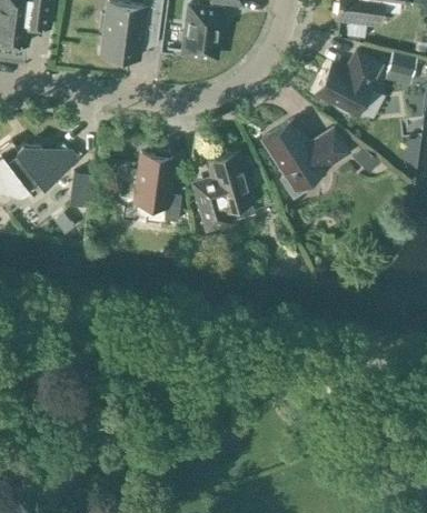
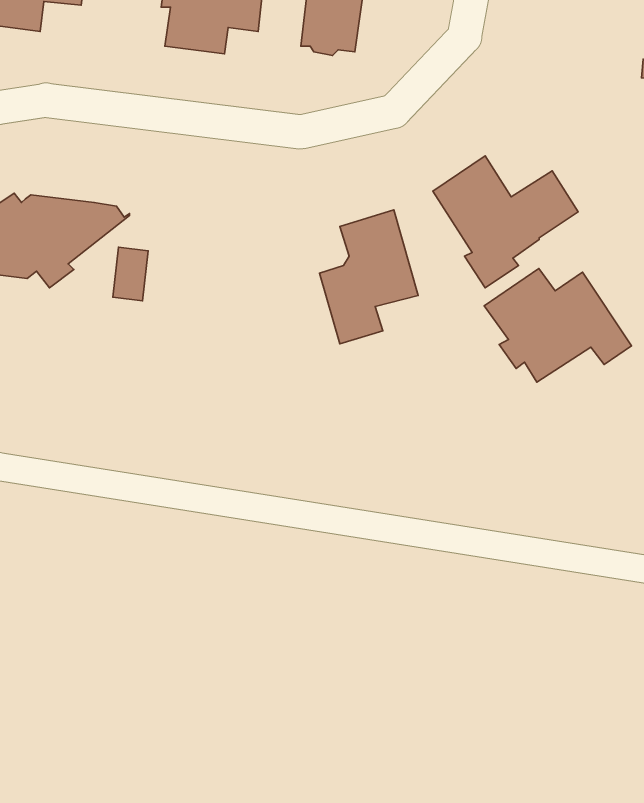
building: [315,52,379,115] -> none
building: [135,152,181,222] -> none
building: none -> [484,268,632,382]

